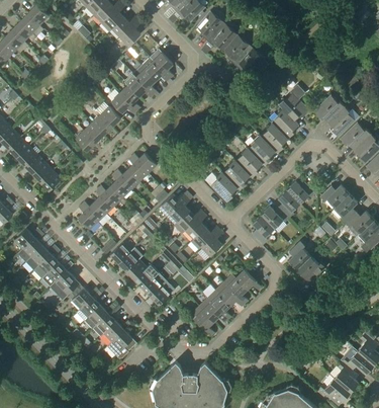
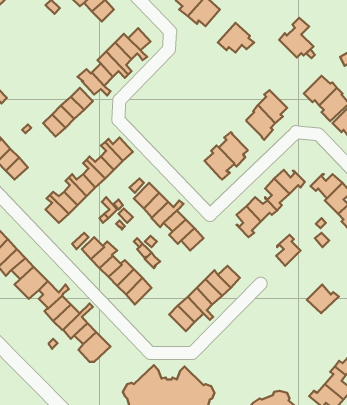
building: [224,34,252,65] -> none
building: [279,84,310,120] -> [279,18,313,58]
building: [249,135,276,166] -> none
building: [210,171,238,202] -> none
building: [297,255,326,281] -> [307,284,339,313]

